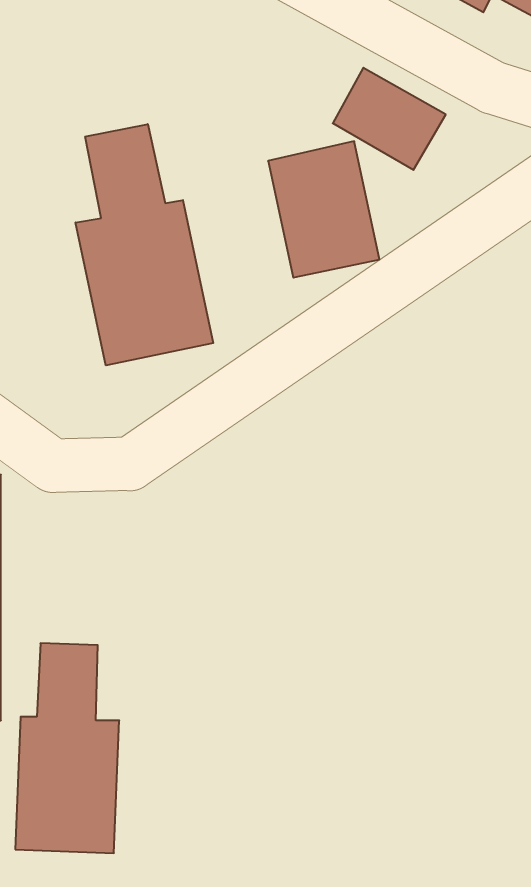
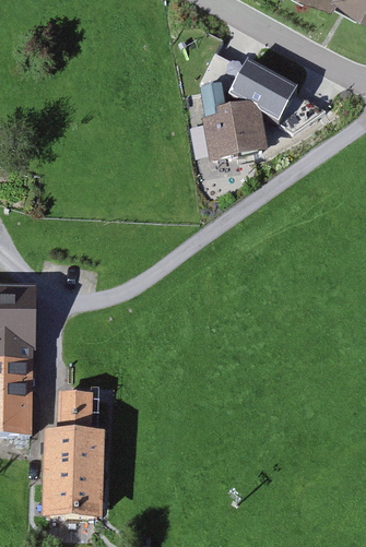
building: [76,124,213,365] -> none

